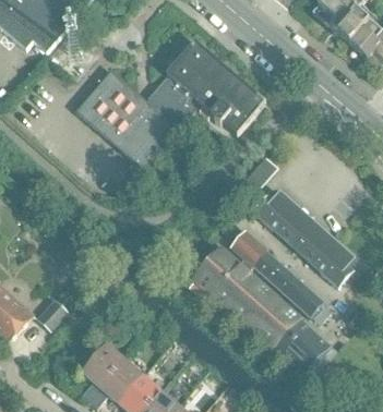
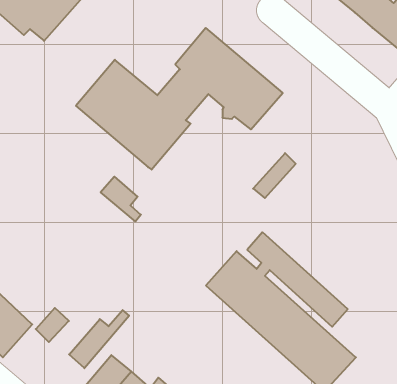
building: none -> [101,177,141,221]
building: [253,191,355,286] -> none
building: none -> [69,310,129,368]

